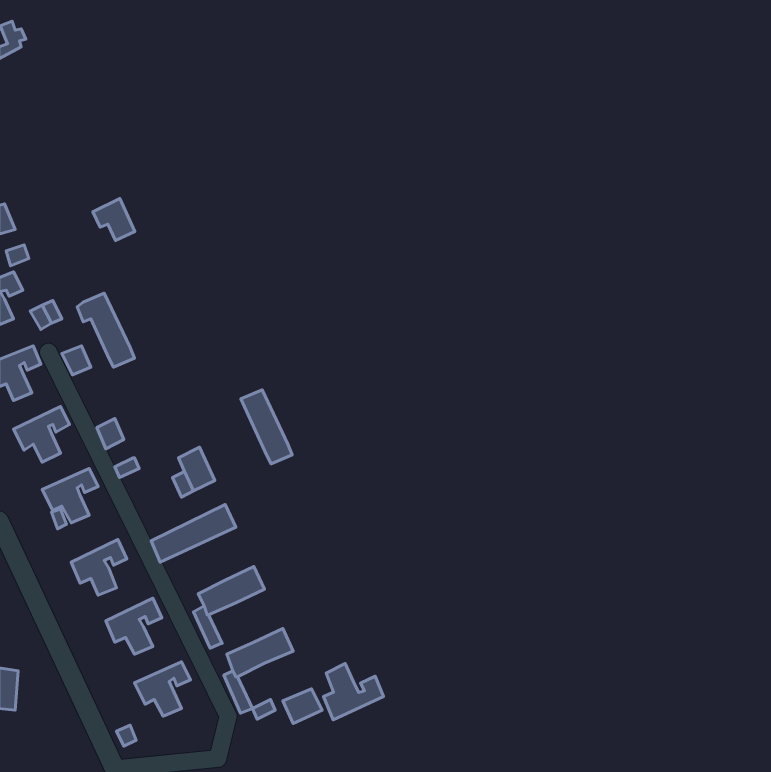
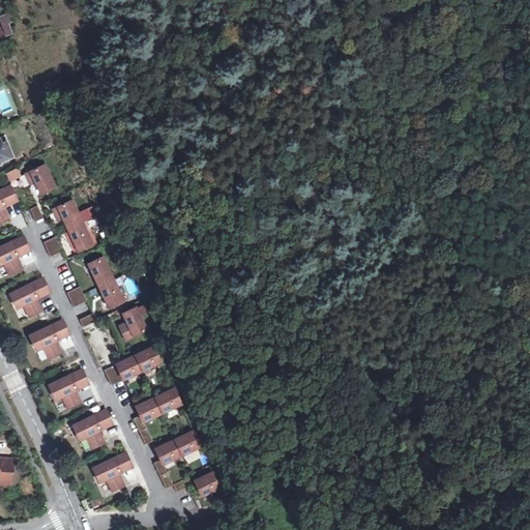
building: [93,198,135,241] -> [25,165,54,194]
building: [241,390,292,464] -> [88,258,123,308]
building: [323,664,384,720] -> none

